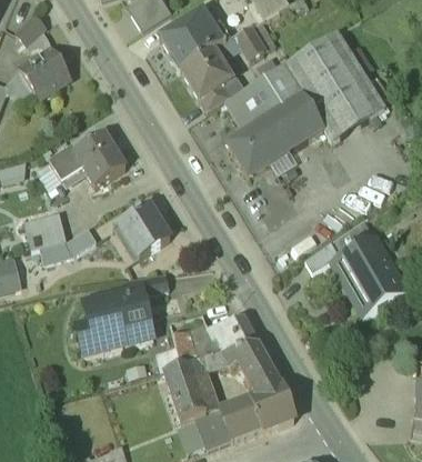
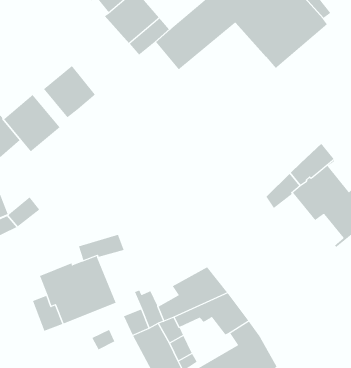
building: [224,94,324,179] -> none
building: none -> [43,65,96,118]
building: [119,204,170,255] -> none

